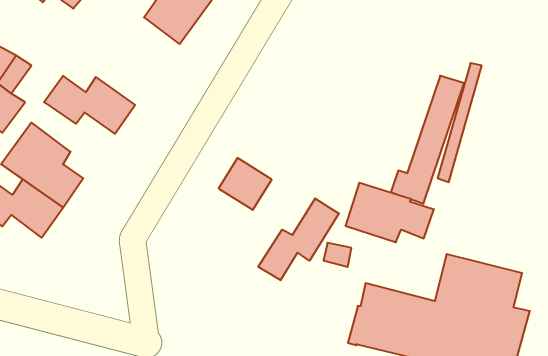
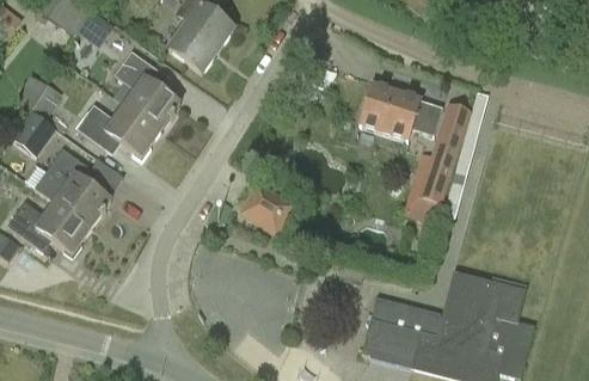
building: none -> [113,50,179,130]
building: [345,183,434,242] -> [358,84,442,140]
building: [258,198,339,280] -> none

